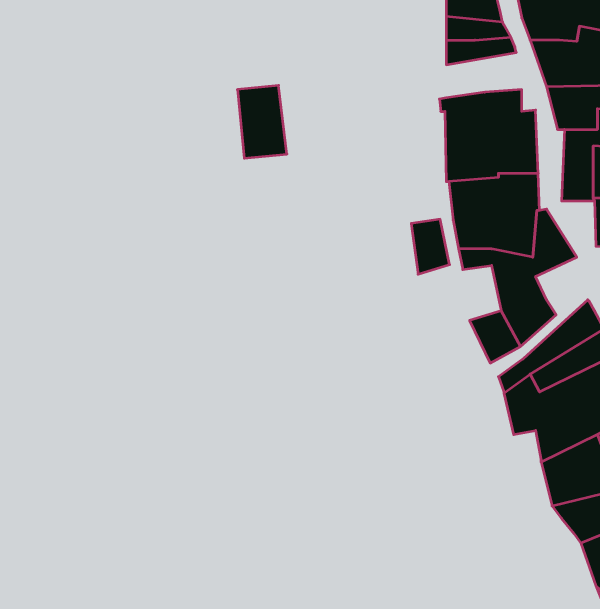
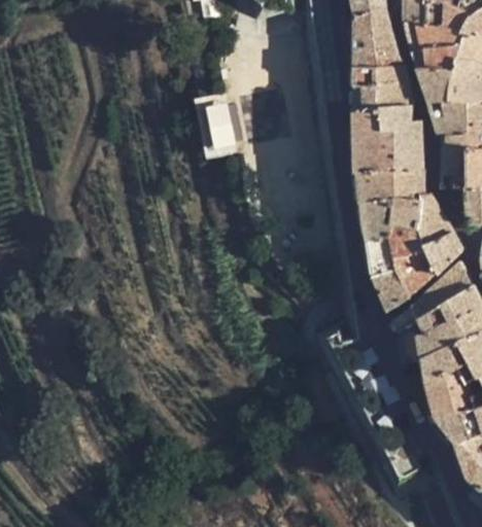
building: none -> [354,77,411,111]
building: [411,219,450,274] -> [367,237,395,278]
building: none -> [421,231,460,274]

